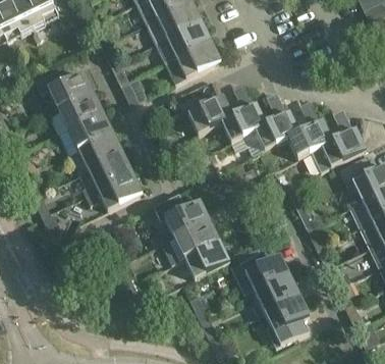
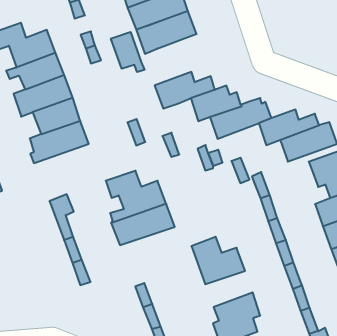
building: none -> [111,32,145,72]
building: [85,172,144,209] -> none
building: [185,241,230,277] -> none
building: [255,274,299,311] -> none

